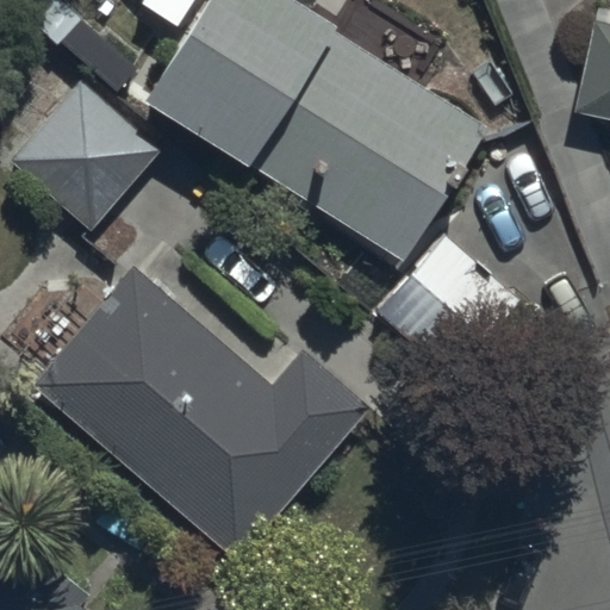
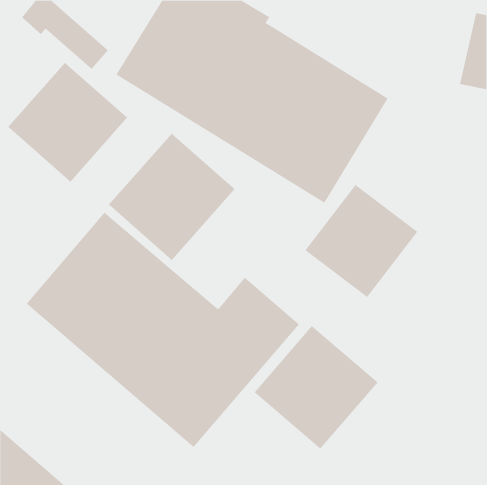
building: none -> [108,133,236,261]
building: none -> [254,325,378,450]

